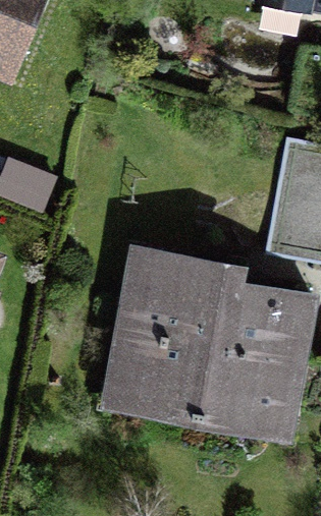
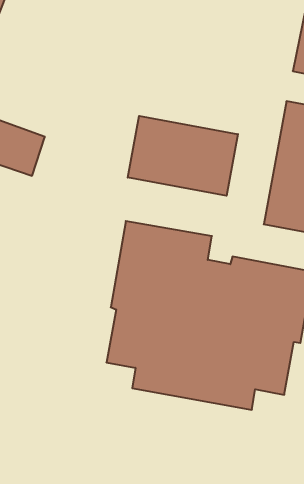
building: none -> [128,116,238,196]

